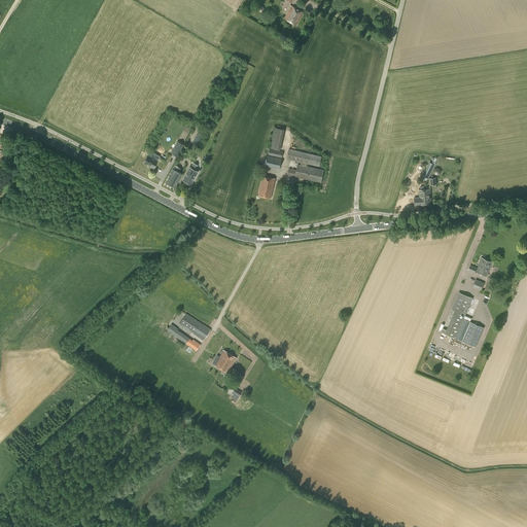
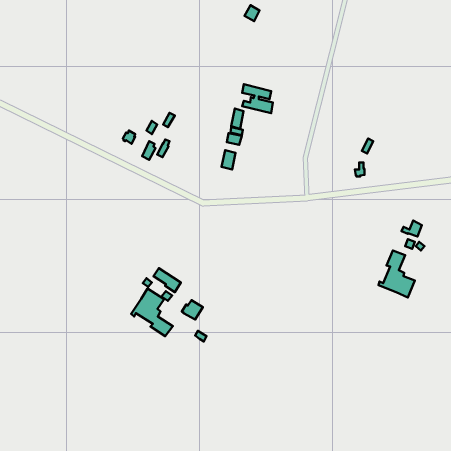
building: [287,148,323,182] -> [242,84,273,113]
building: none -> [131,288,173,336]

